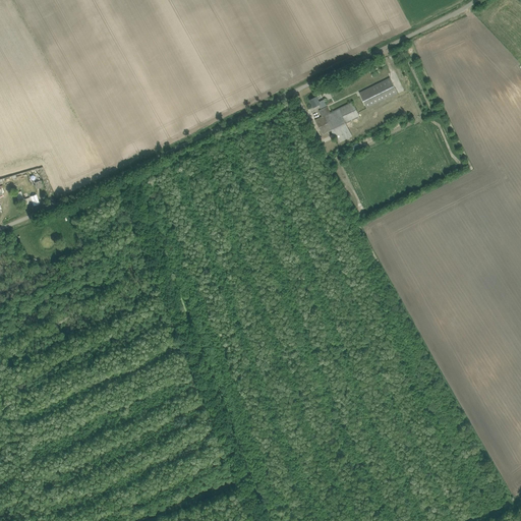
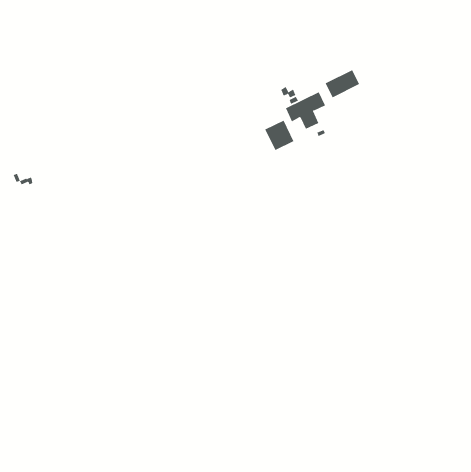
building: none -> [265,120,294,151]

